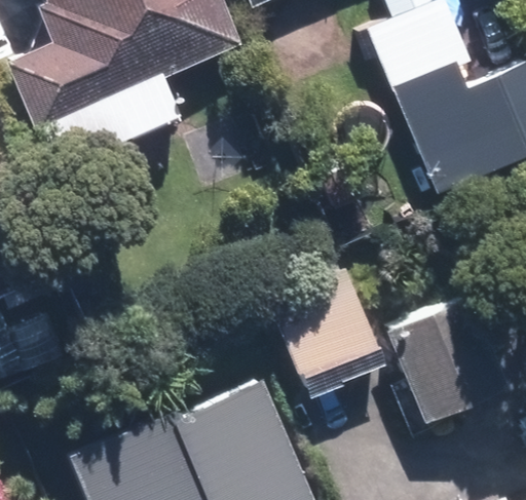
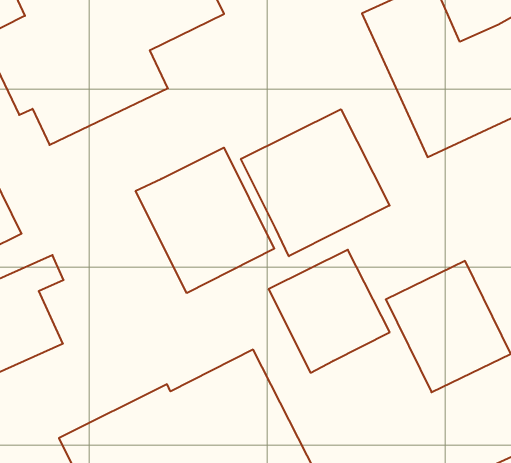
building: none -> [241,109,390,256]
building: none -> [136,148,274,293]

